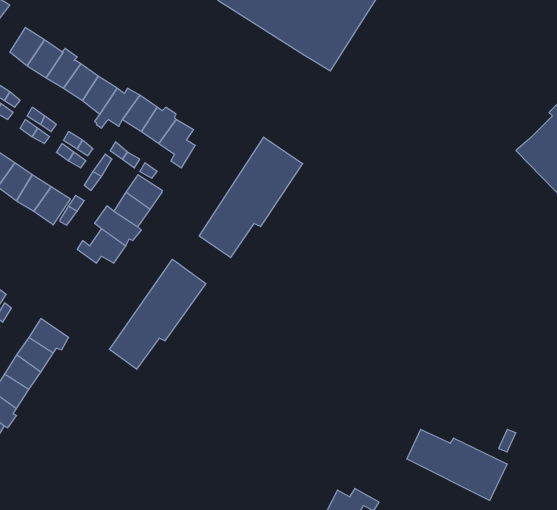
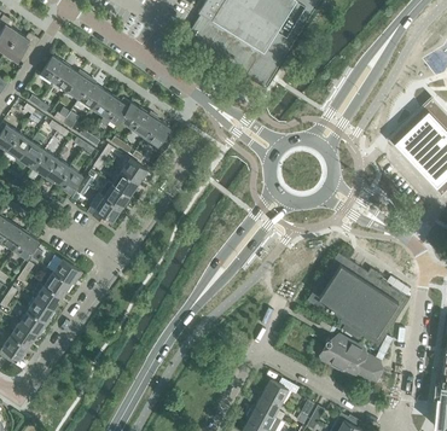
building: [199,137,303,258] -> none
building: [109,259,206,369] -> none
building: none -> [308,252,400,349]

